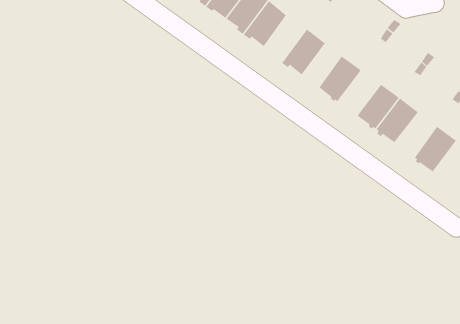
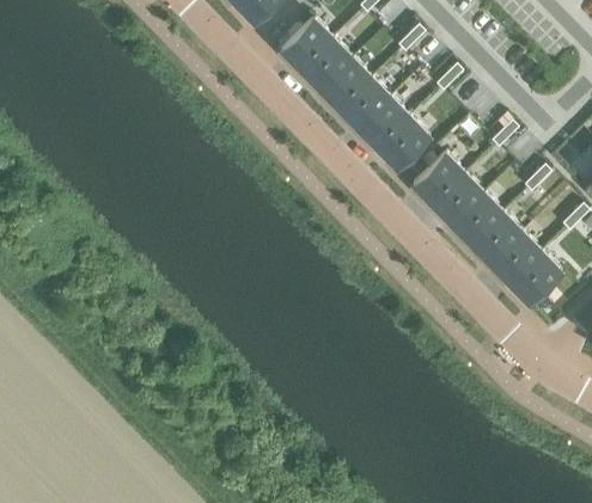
building: none -> [358,97,410,151]
building: none -> [432,173,484,225]
building: none -> [489,232,541,283]

